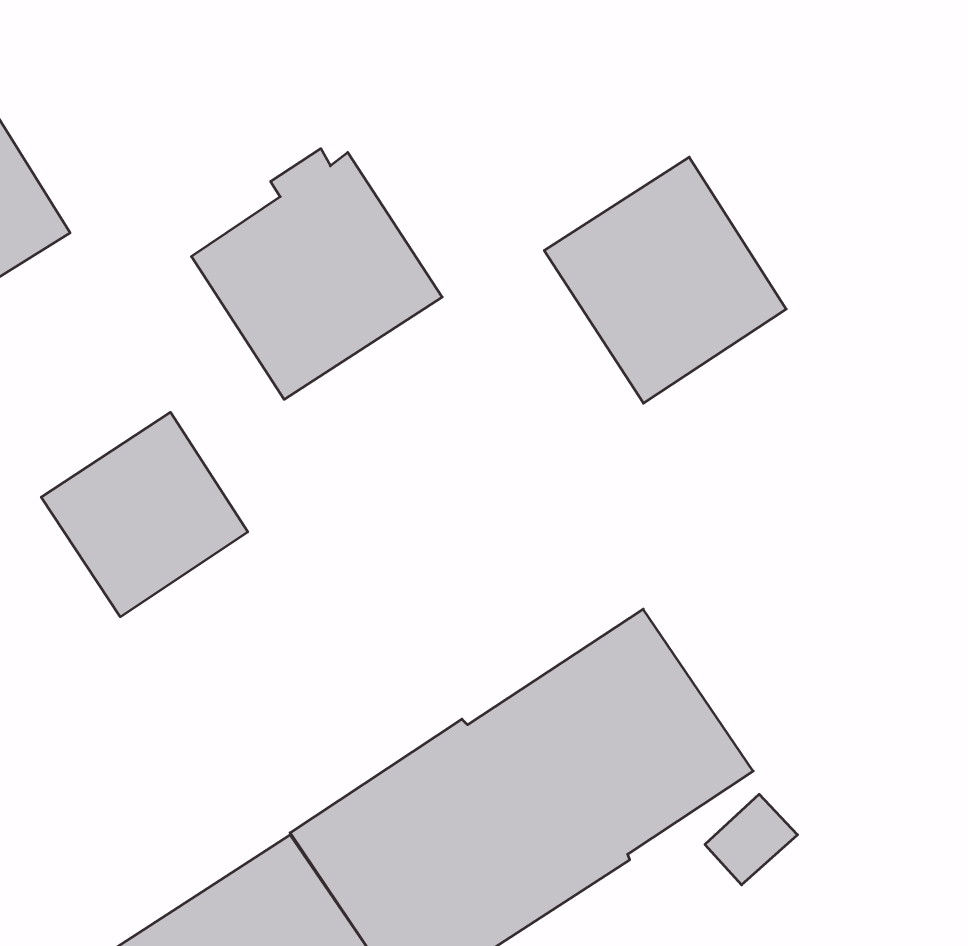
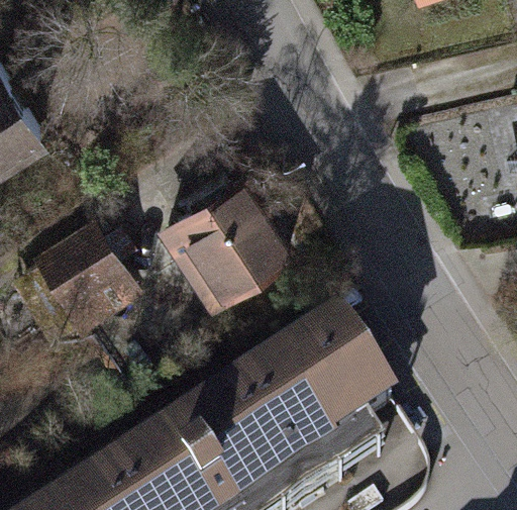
building: [191,149,442,399] -> [161,177,292,308]
building: [544,157,786,403] -> none

